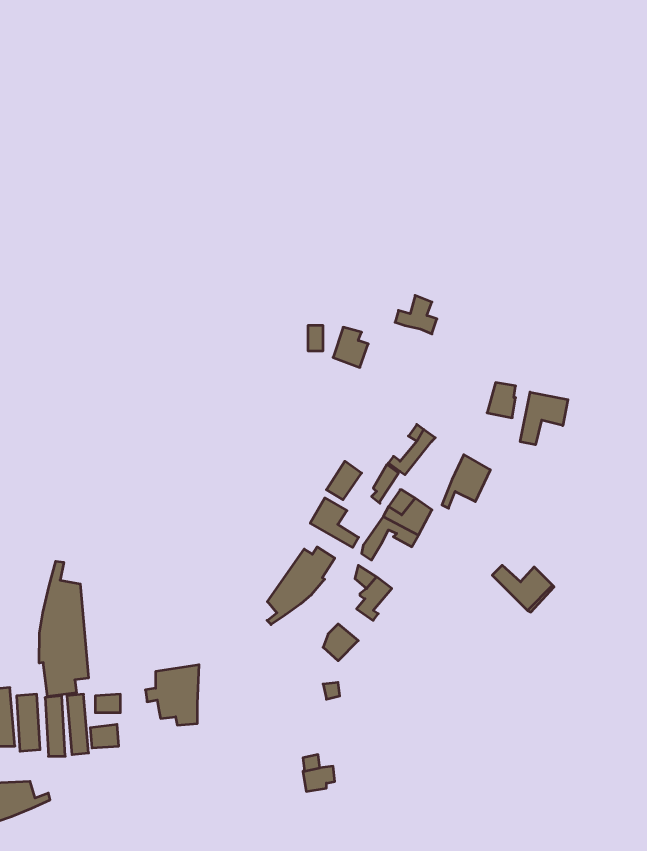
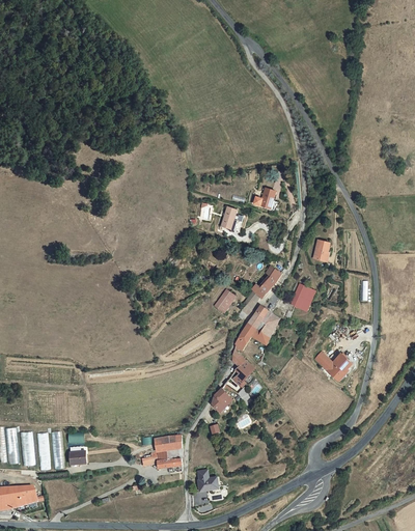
building: [520,392,568,445] -> none
building: [310,498,359,547] -> none
building: [267,547,335,625] -> none
building: [39,561,88,697] -> none
building: [145,665,199,725] -> [149,435,183,472]

